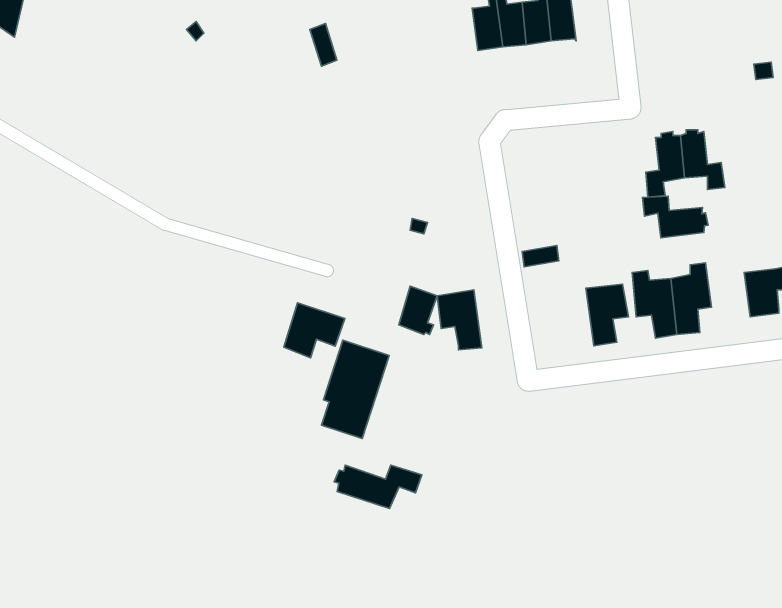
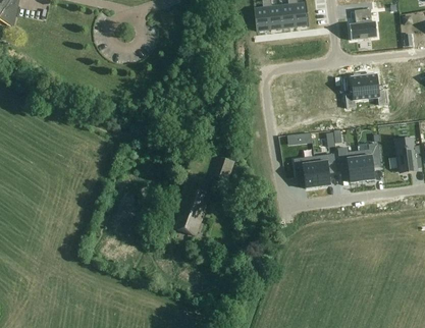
building: none -> [349,7,377,39]
building: [642,196,708,238] -> none
building: [437,290,482,350] -> [295,155,318,186]
building: [284,303,345,358] -> none
building: [334,465,422,508] -> none

